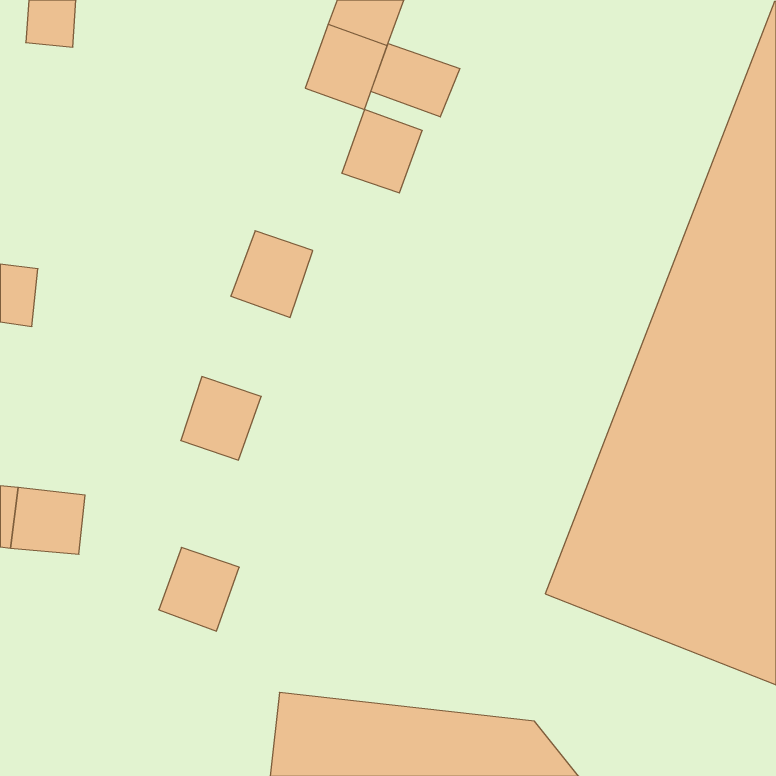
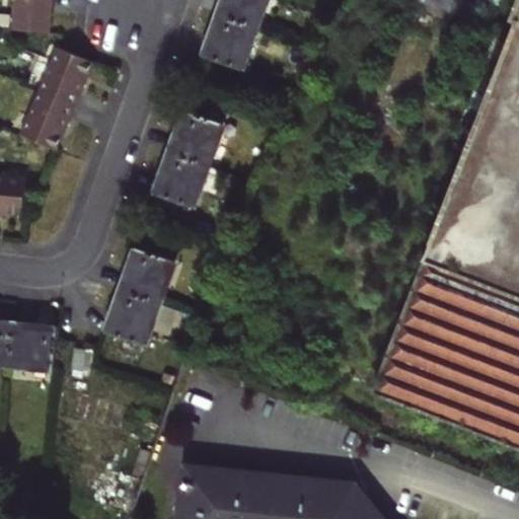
building: [371,43,460,117] -> none
building: none -> [21,49,93,152]
building: [342,109,422,193] -> [170,112,224,167]
building: [159,547,239,631] -> [105,294,159,350]

